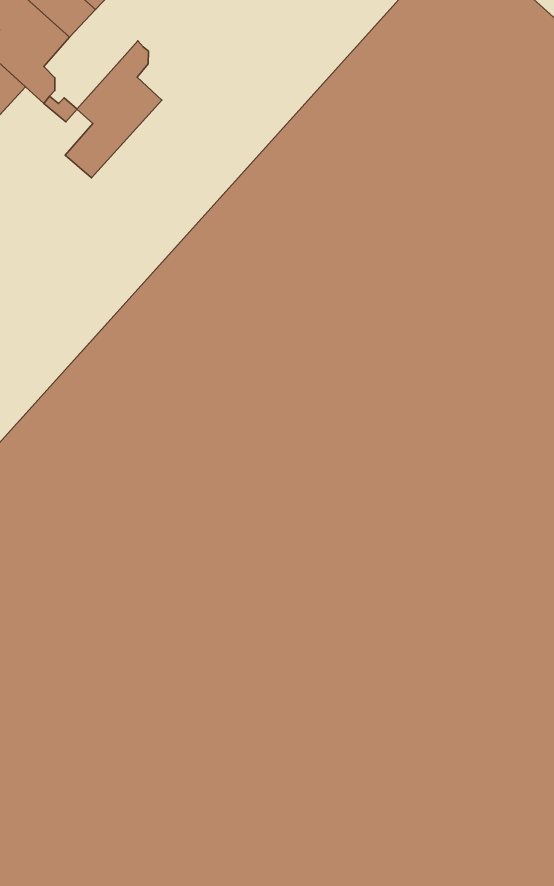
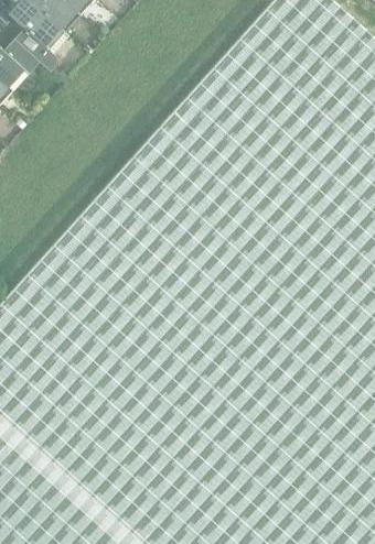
building: [65,41,162,178] -> none

